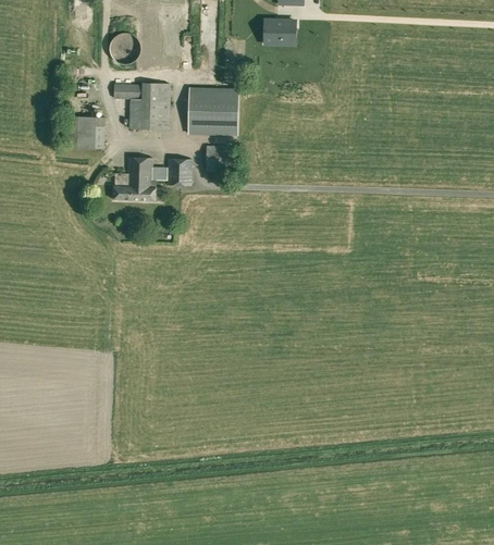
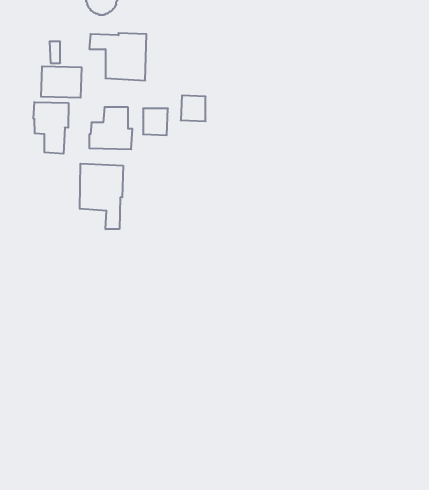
building: [188,87,238,134] -> none
building: none -> [34,102,68,154]
building: none -> [80,164,123,229]

